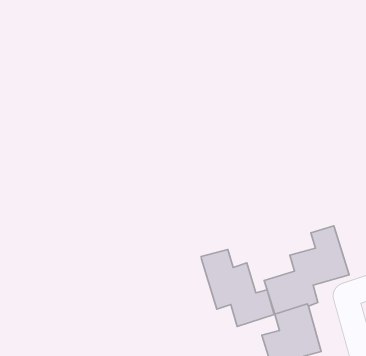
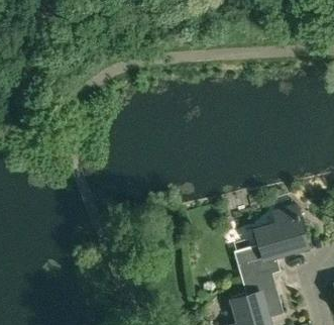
building: [201,250,274,326] -> none

